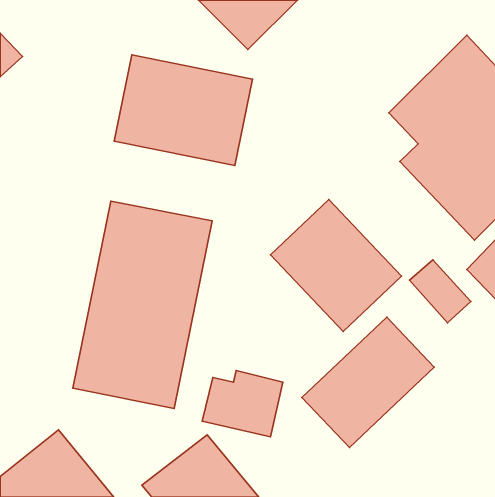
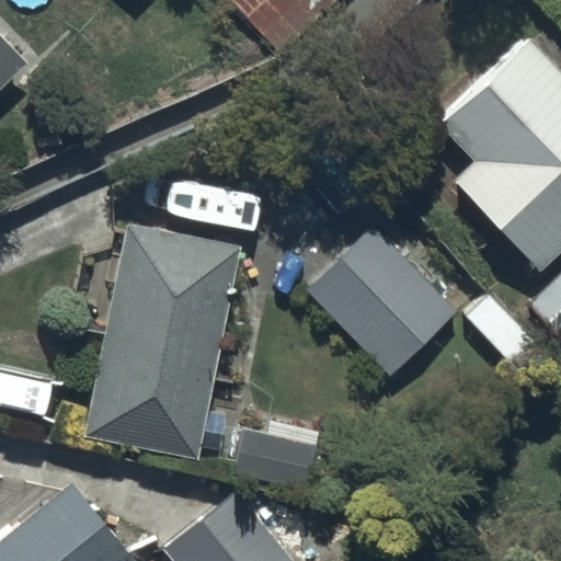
building: [114,55,252,166] -> none
building: [302,317,434,448] -> none

